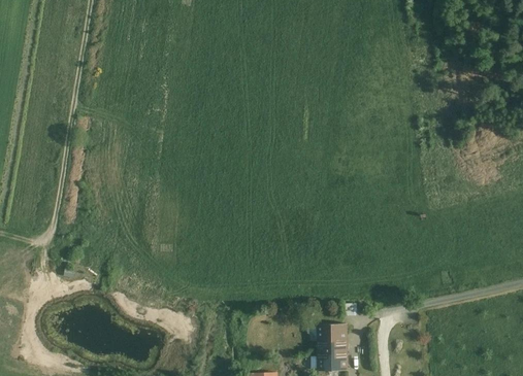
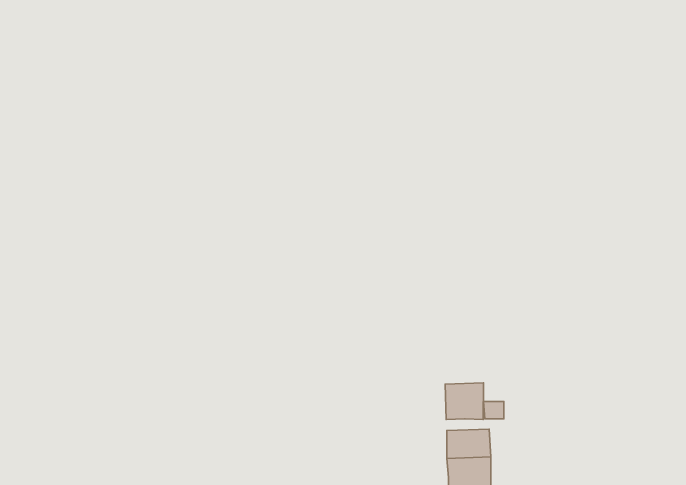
building: none -> [445,383,484,420]

